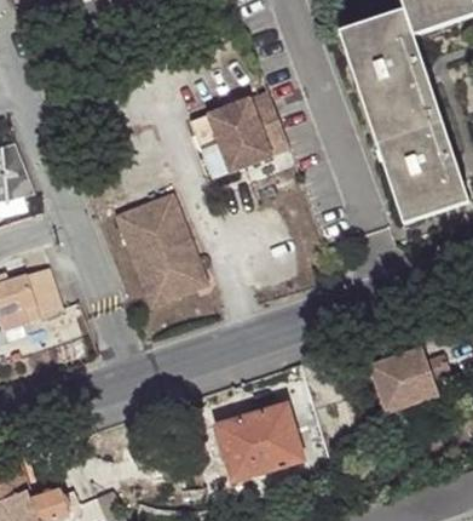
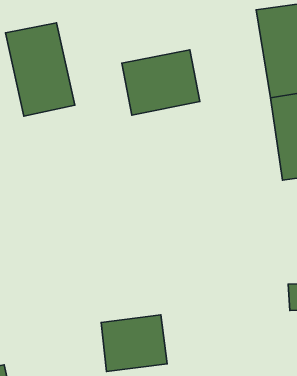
building: [113,190,207,305] -> [6,23,75,116]
building: [367,350,438,418] -> none

